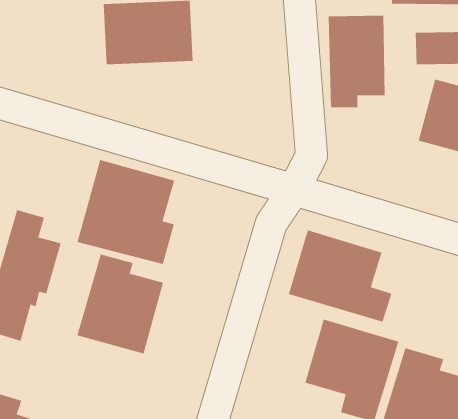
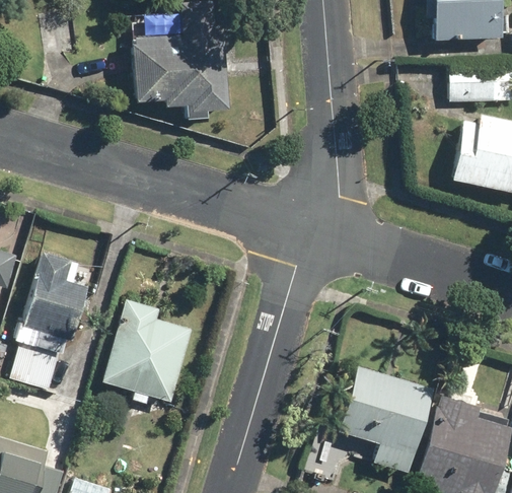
building: [328,15,385,108] -> none
building: [77,159,175,265] -> none
building: [288,230,392,322] -> none

